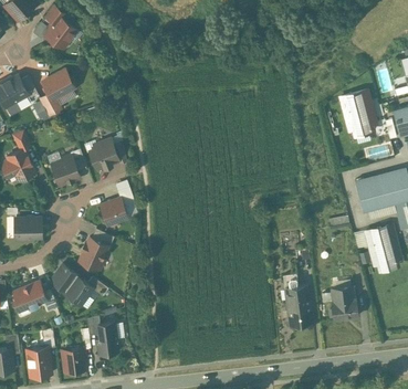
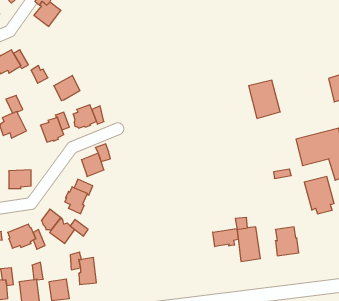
building: [42,71,73,101] -> [54,75,80,101]
building: [338,90,376,135] -> [249,80,280,118]
building: none -> [213,229,238,247]

